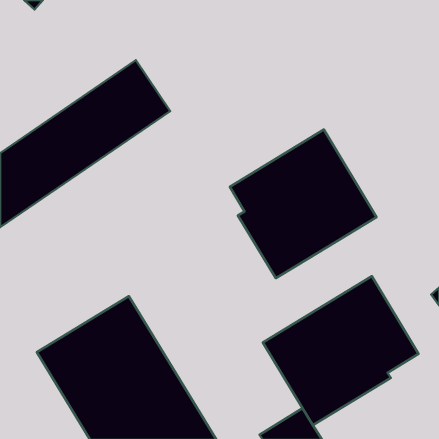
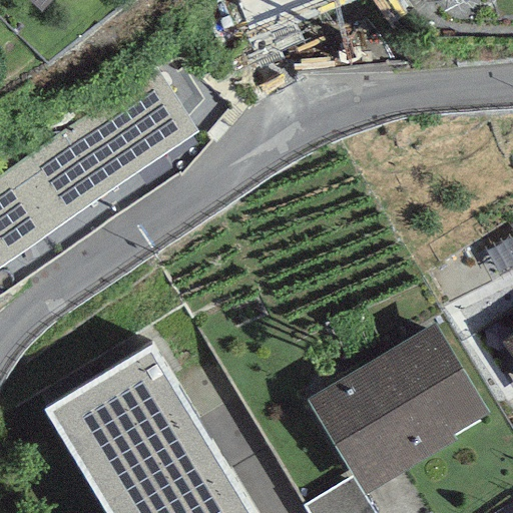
building: [230,129,376,278] -> none

